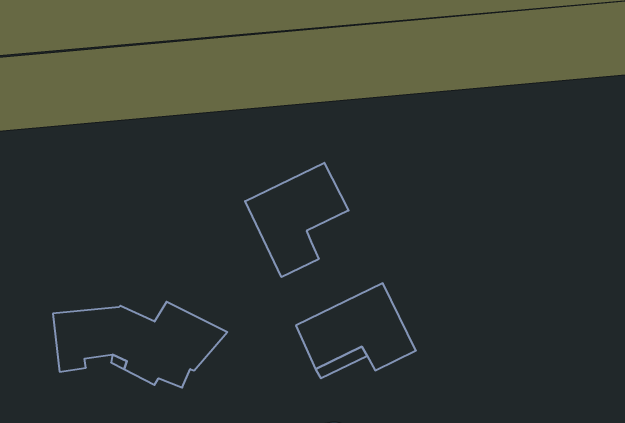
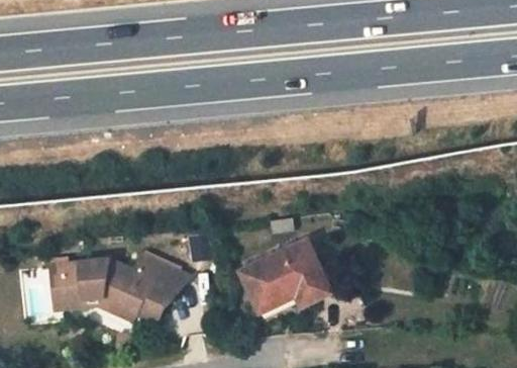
building: [245,163,349,277] -> none

